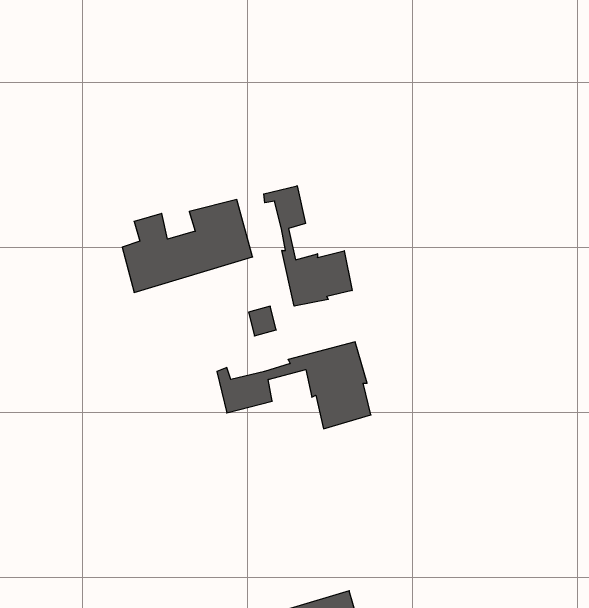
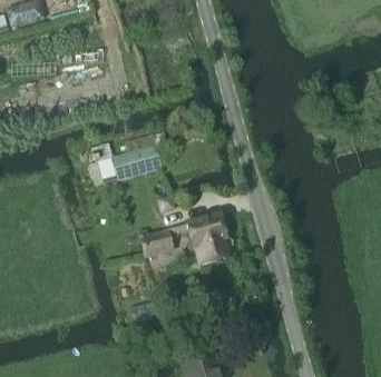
building: [264,186,352,306] -> none

